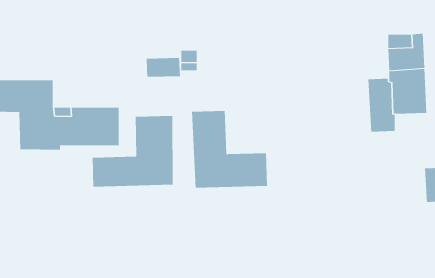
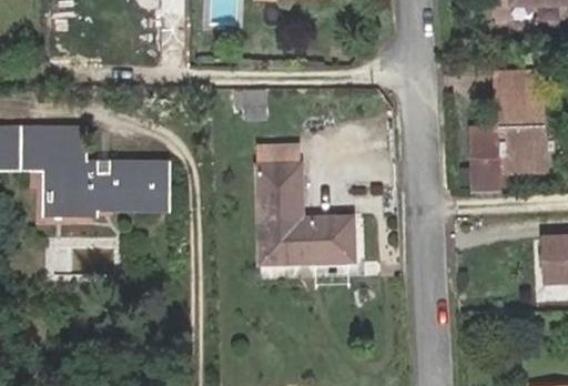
building: [146,58,181,77] -> [256,143,300,167]
building: [92,115,173,188] -> none

